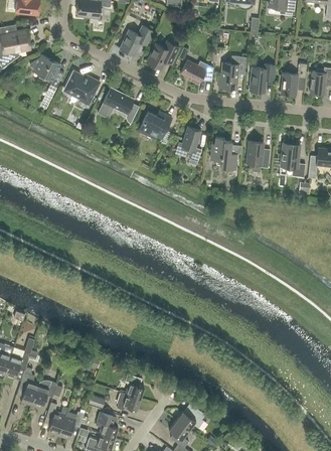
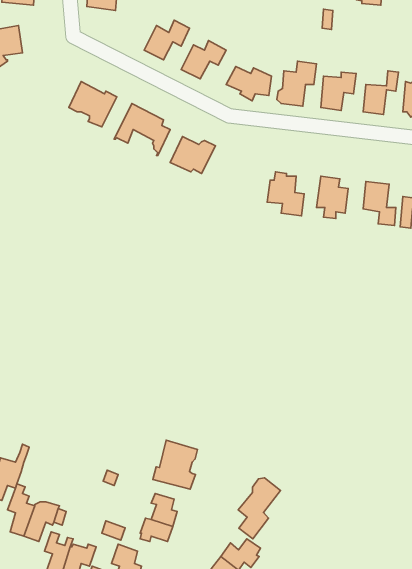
building: [30,54,64,87] -> none
building: [176,126,202,160] -> none
building: none -> [153,440,198,489]
building: none -> [238,478,280,539]

